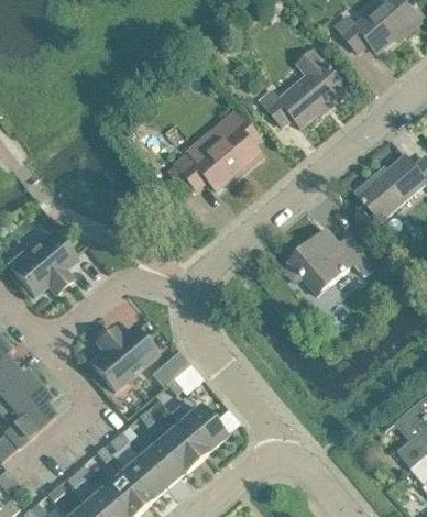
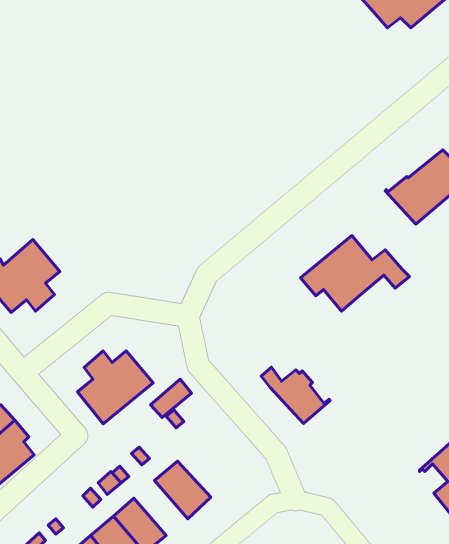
building: [261,46,349,125] -> none
building: [174,107,264,188] -> none
building: [169,405,229,453] -> [261,367,330,424]
building: [140,439,186,486] -> none

